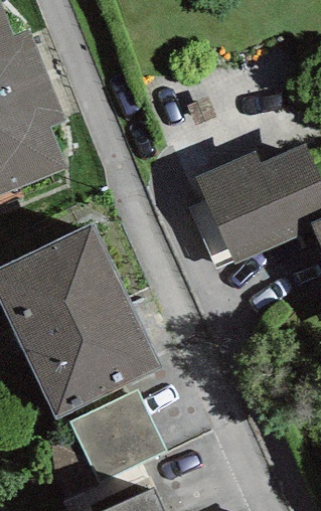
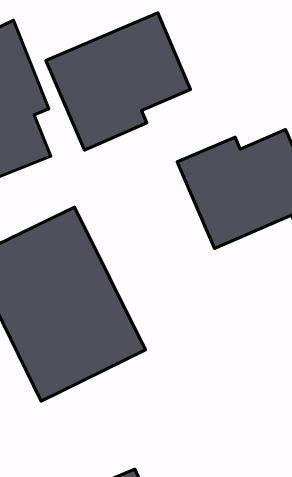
building: none -> [46,13,190,150]
building: [67,388,166,484] -> none

